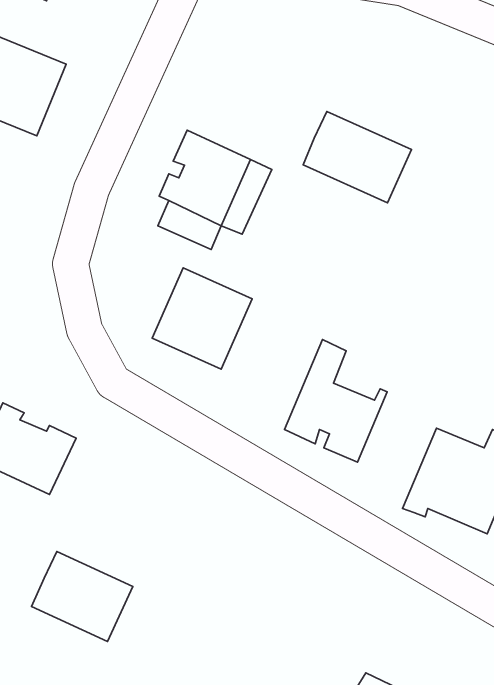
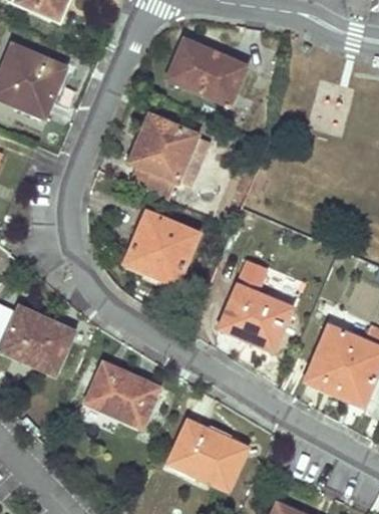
building: [303,112,411,203] -> [167,40,245,105]
building: [31,552,133,642] -> [83,362,155,427]
building: none -> [167,421,247,490]

